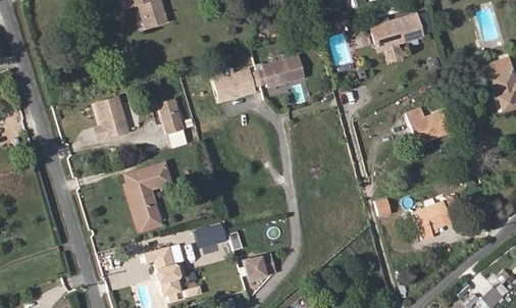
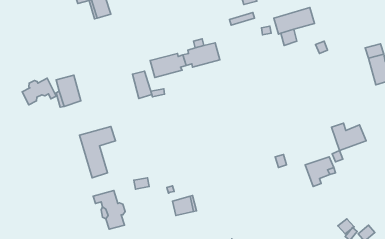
building: [159,100,184,135] -> [132,71,152,98]
building: none -> [22,78,56,105]
building: [407,110,451,145] -> [332,123,366,150]

